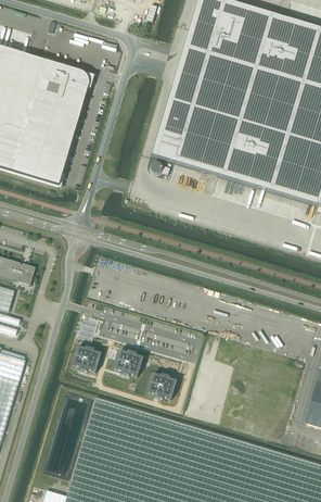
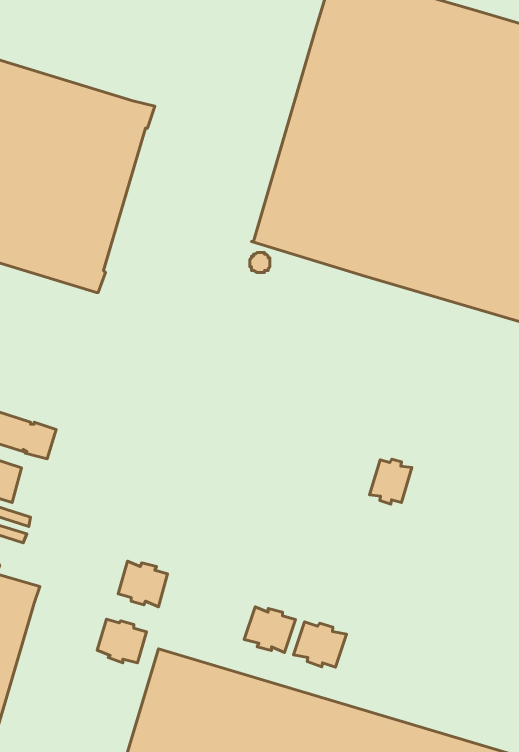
building: none -> [370,459,412,504]
building: [114,349,143,375] -> [97,619,147,663]
building: none -> [293,622,347,667]

